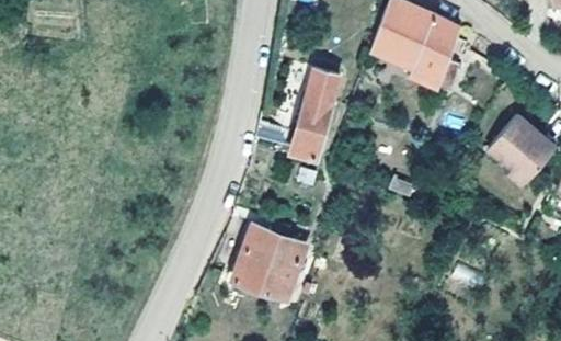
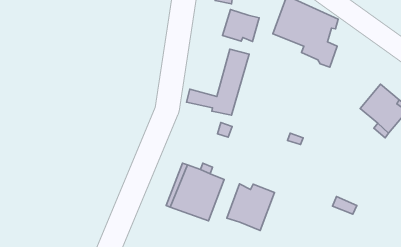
building: none -> [223,9,259,41]
building: none -> [227,184,275,230]

